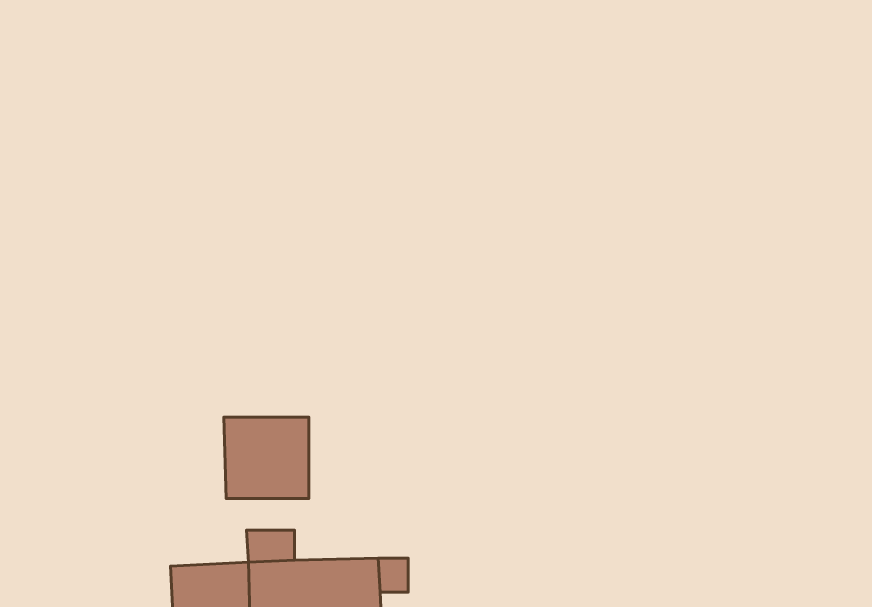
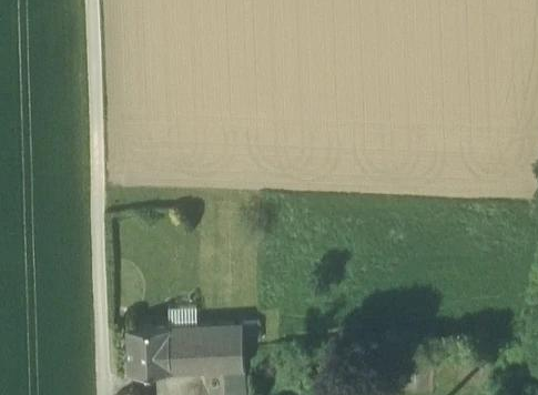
building: [224,417,309,499] -> none

